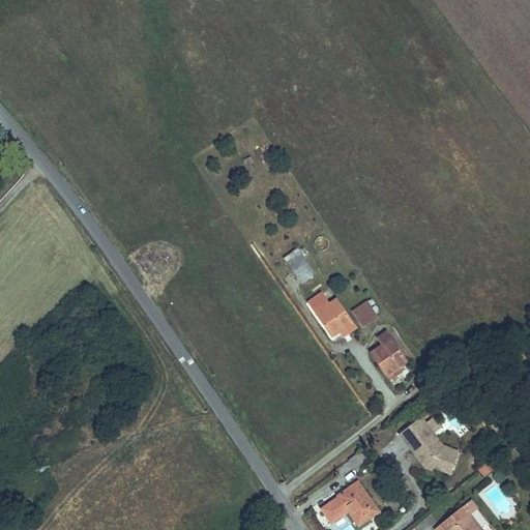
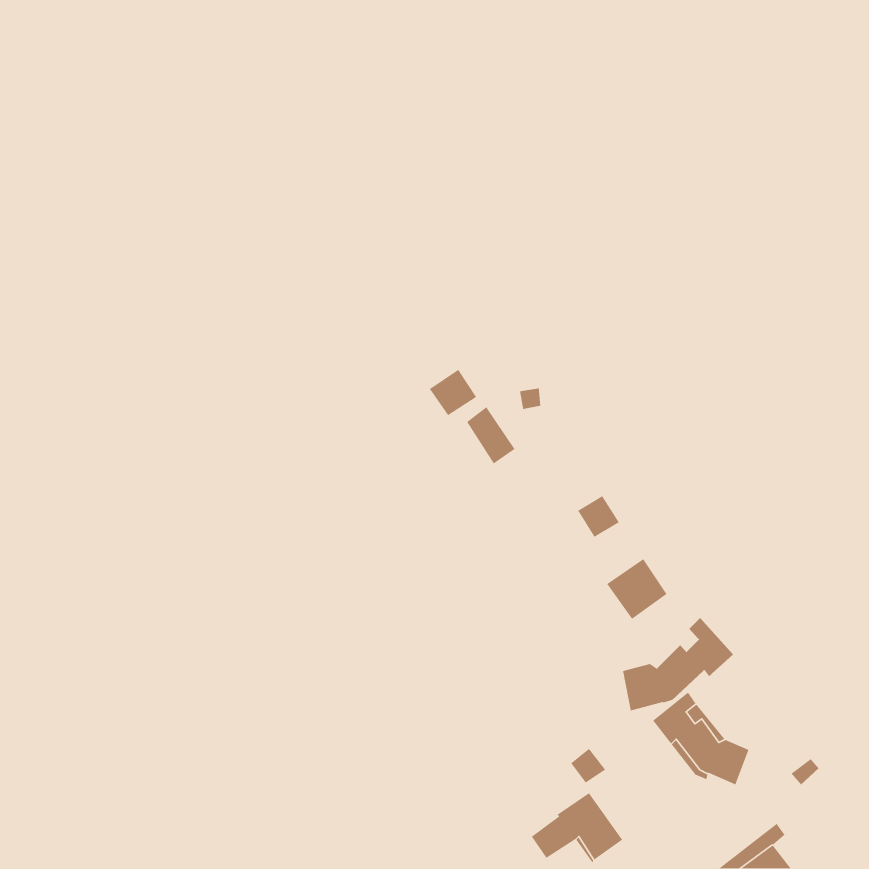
building: none -> [429,369,477,416]
building: [317,300,349,334] -> none
building: none -> [622,617,734,711]

